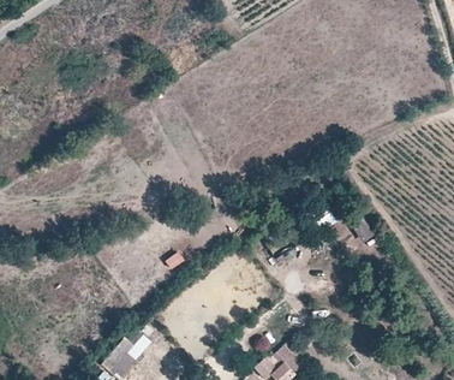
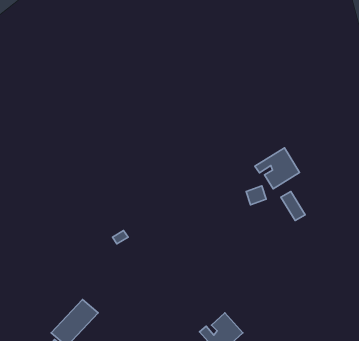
building: none -> [255,148,300,189]

